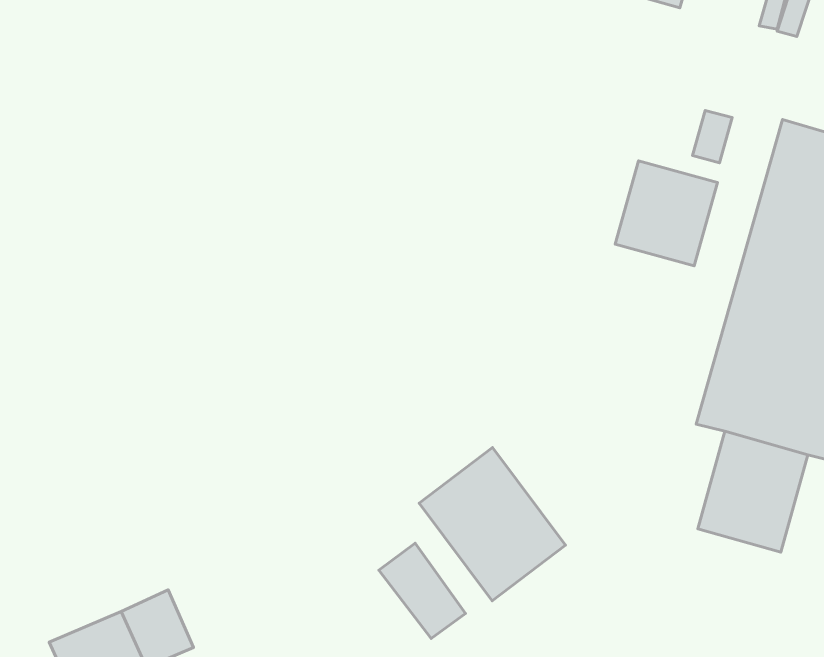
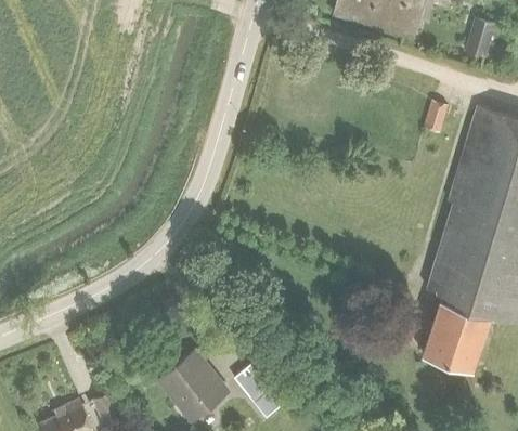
building: [615,161,718,266] -> none
building: [419,448,566,601] -> none
building: none -> [158,349,232,422]

